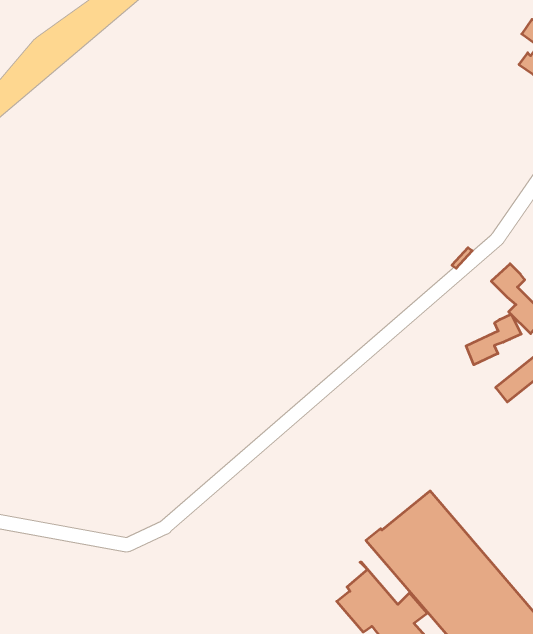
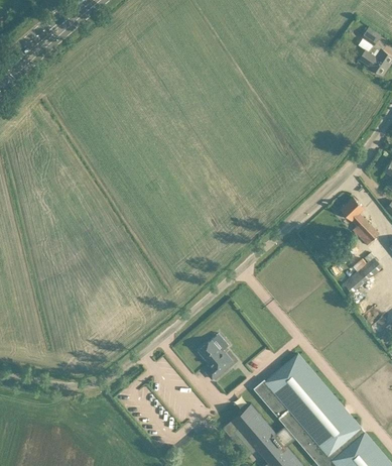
building: [466,314,521,365] -> none
building: none -> [199,339,233,379]

